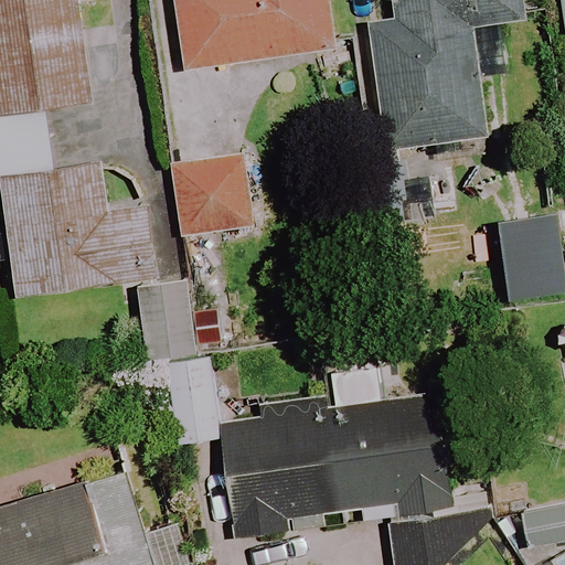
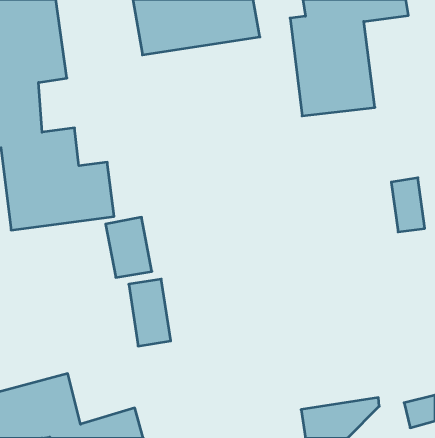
building: [170,153,248,236] -> none
building: [221,396,446,536] -> none

